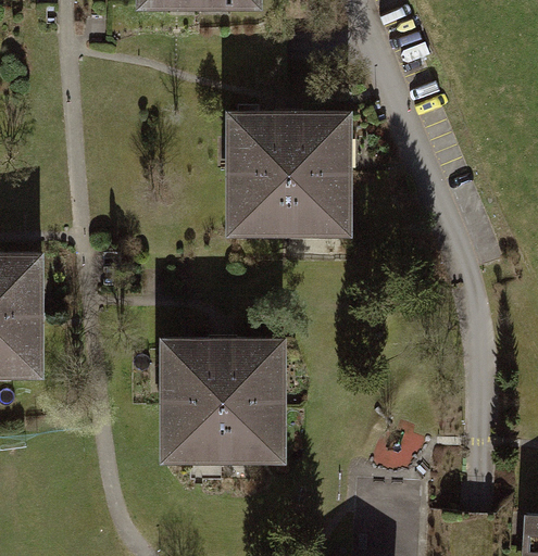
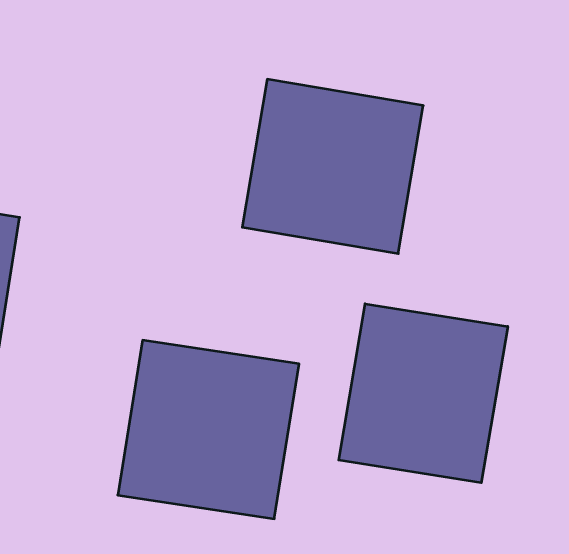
building: none -> [339,304,508,483]

